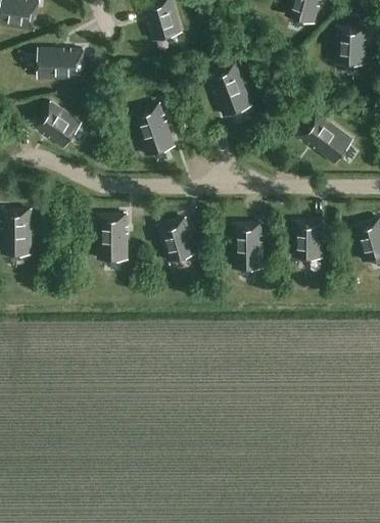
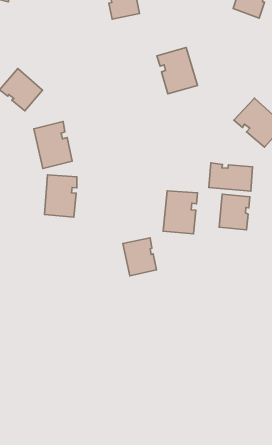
building: [40,47,85,82] -> none
building: [131,101,177,155] -> [34,121,72,169]
building: none -> [209,163,253,191]
building: [157,217,197,260] -> [123,238,156,276]

